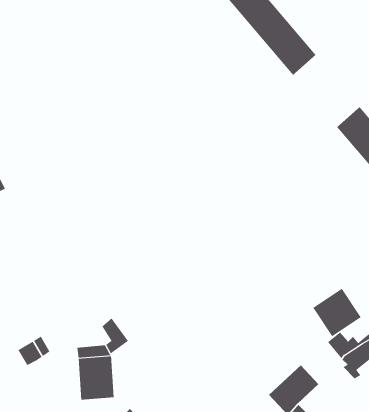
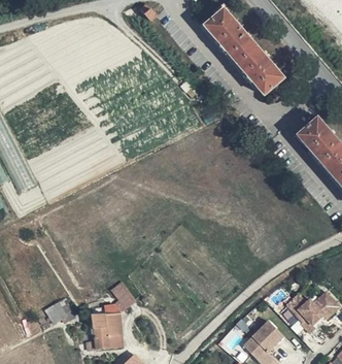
building: [312,288,361,337] -> none

